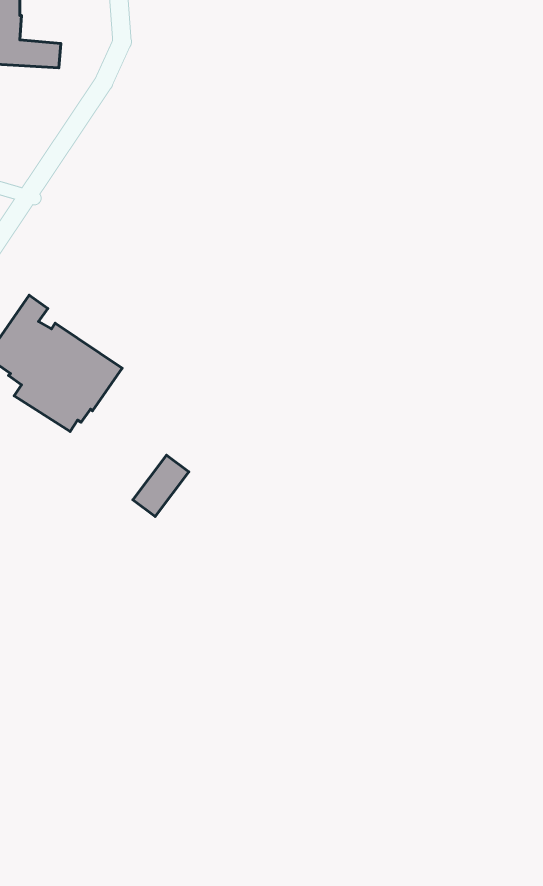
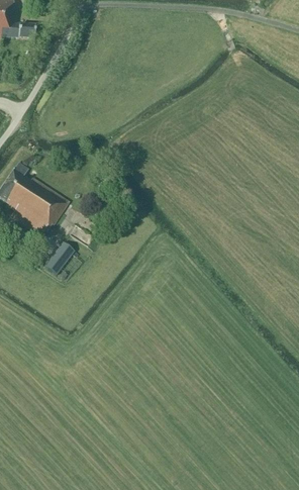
building: [133,455,189,517] -> [43,241,74,275]

